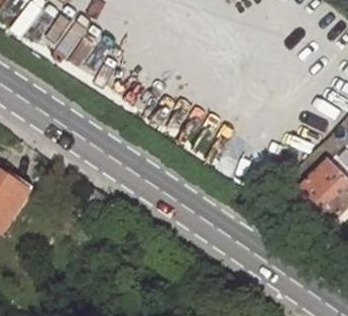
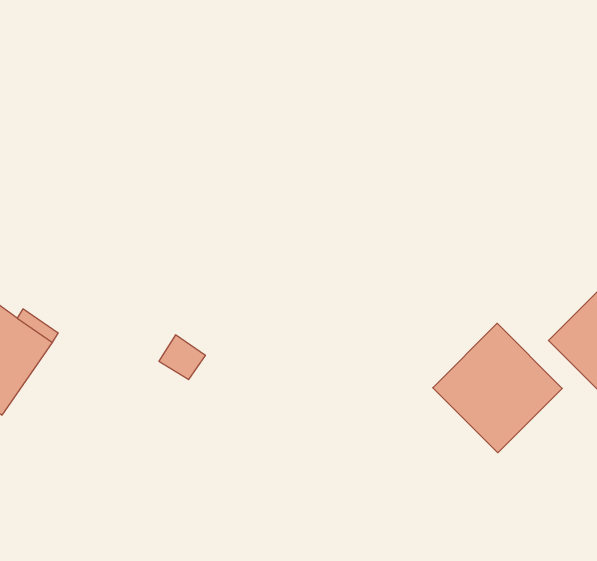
building: none -> [433,323,562,453]

